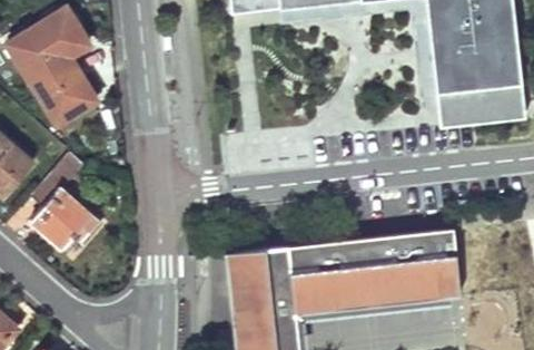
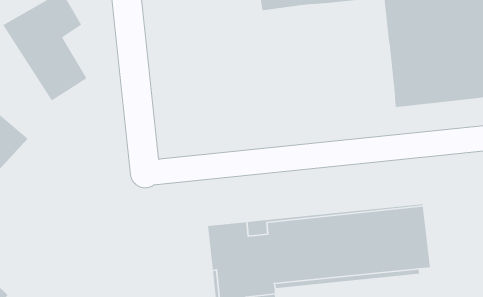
building: [27,149,102,254] -> none

